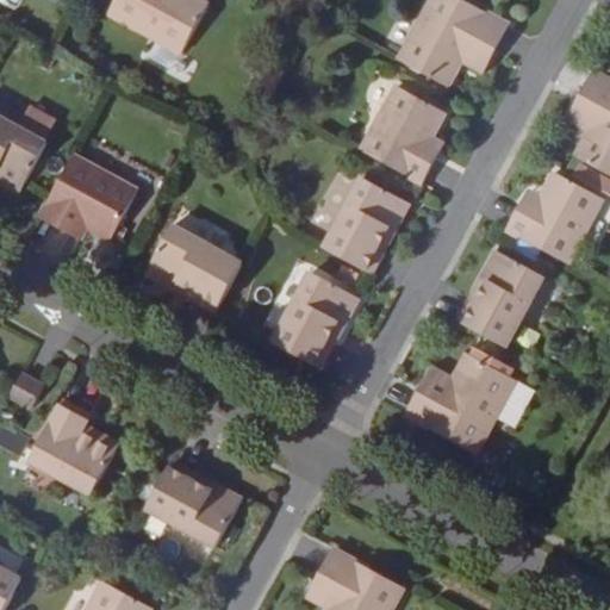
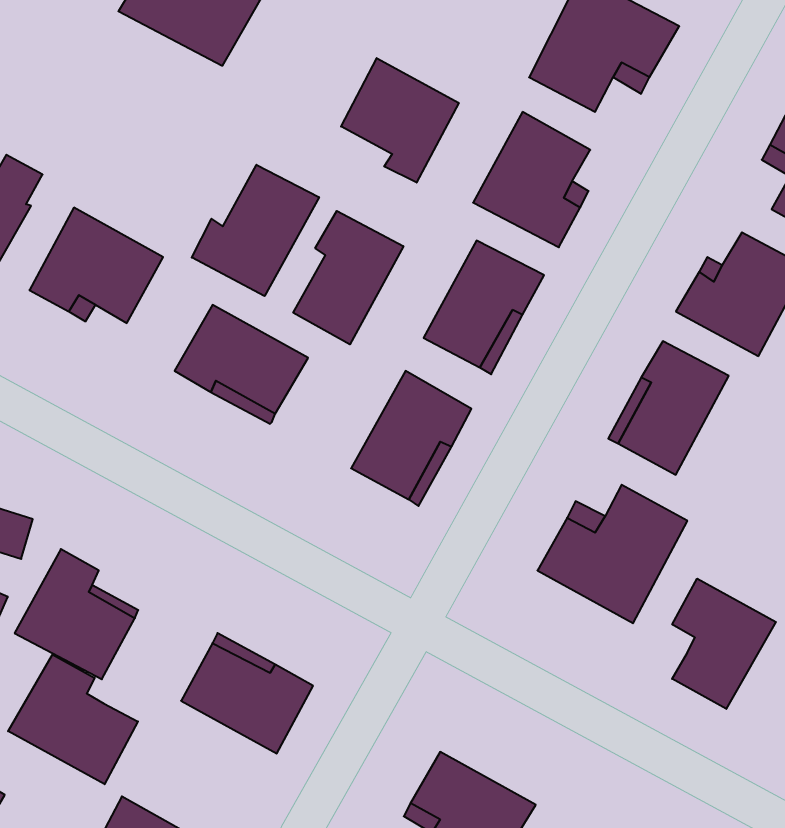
building: none -> [341,58,459,183]
building: none -> [192,165,319,296]
building: none -> [293,211,403,344]
building: none -> [672,579,776,709]
building: none -> [8,655,138,784]

